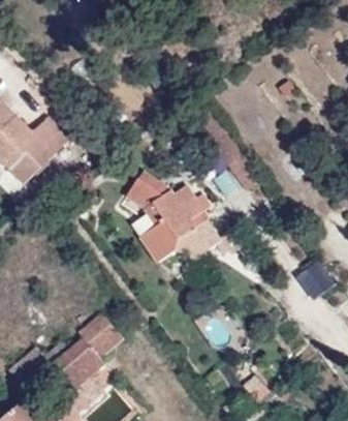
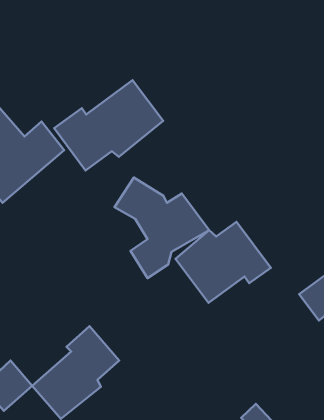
building: none -> [54,80,163,170]
building: none -> [175,222,271,303]

